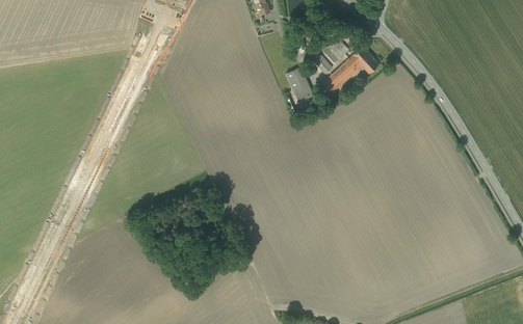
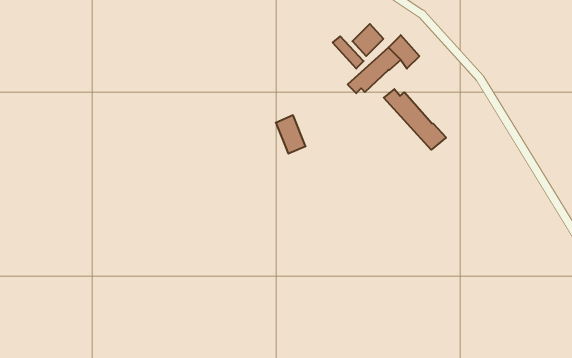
building: [287,68,312,100] -> [276,115,306,154]
building: none -> [384,89,446,150]

